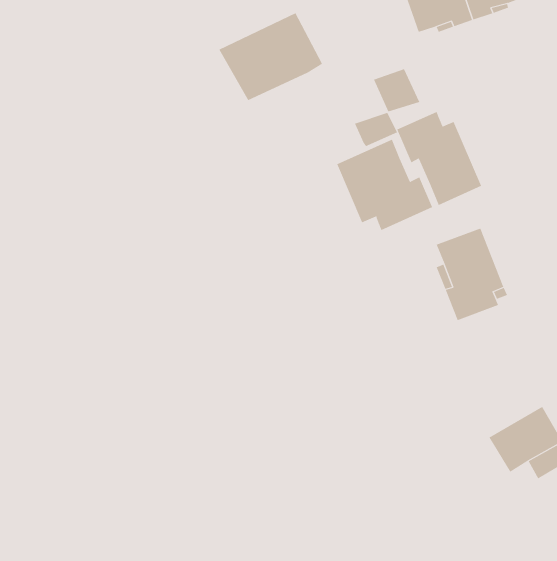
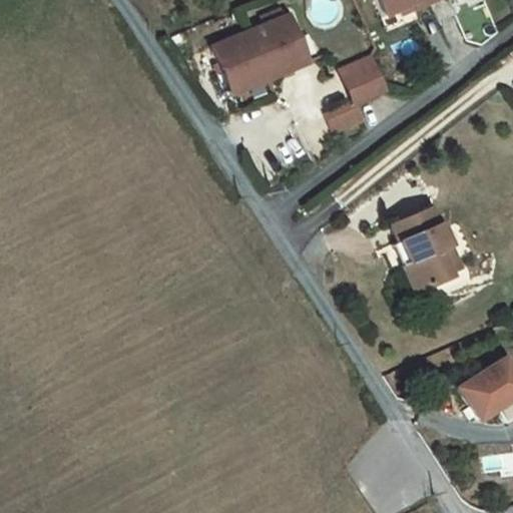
building: [396,111,482,206] -> none
building: [337,139,433,231] -> none

